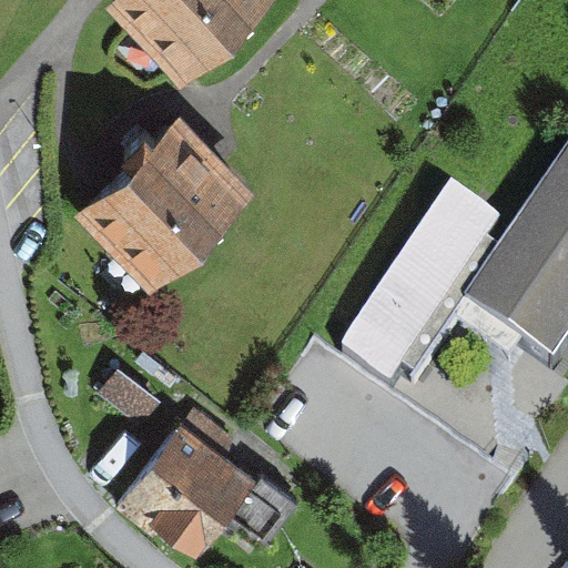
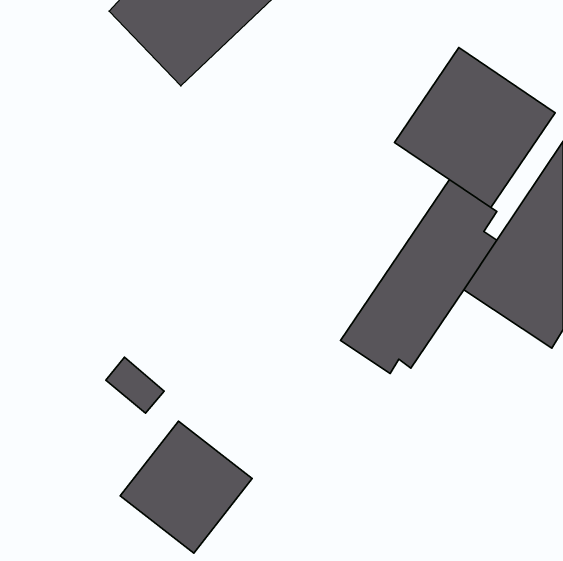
building: none -> [394,48,555,207]
building: [78,123,251,294] -> none

